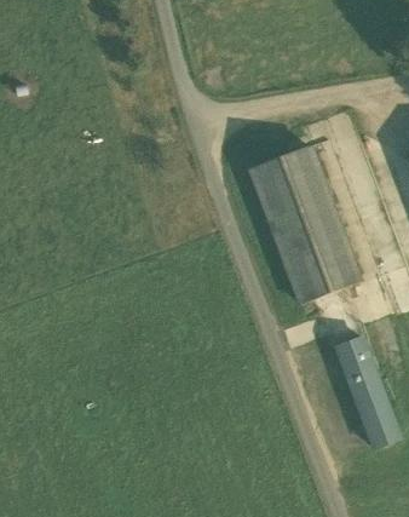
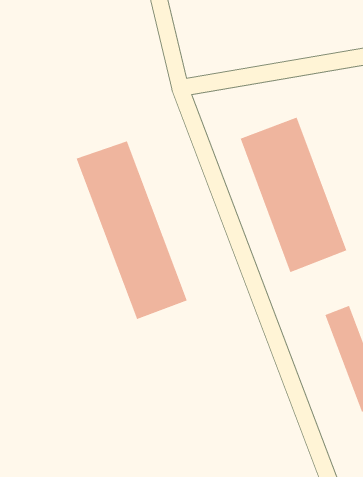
building: none -> [76,140,188,320]

